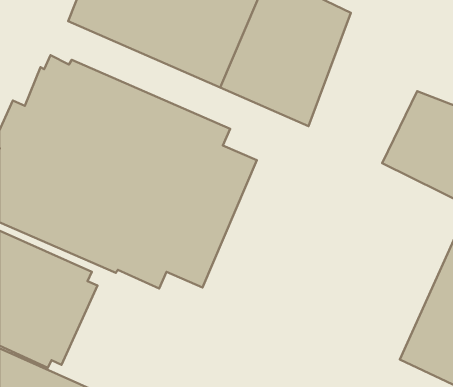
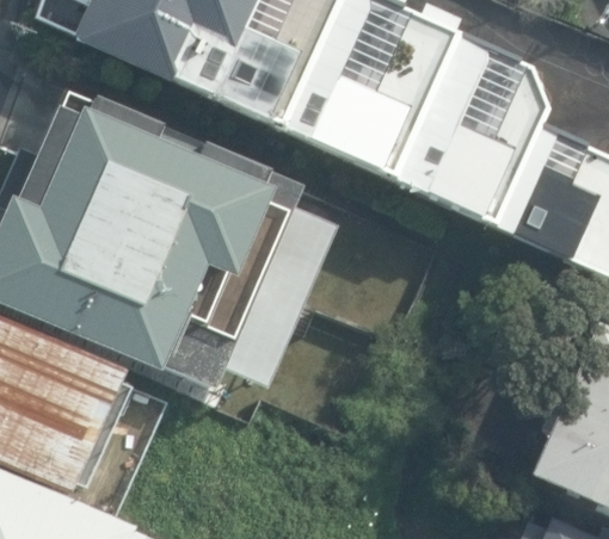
building: none -> [405,32,546,227]

